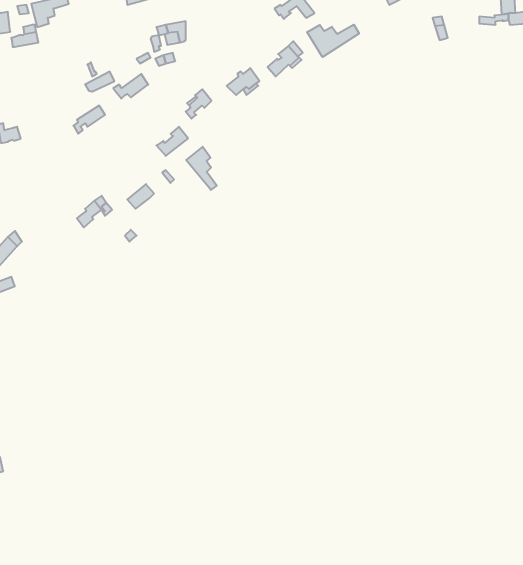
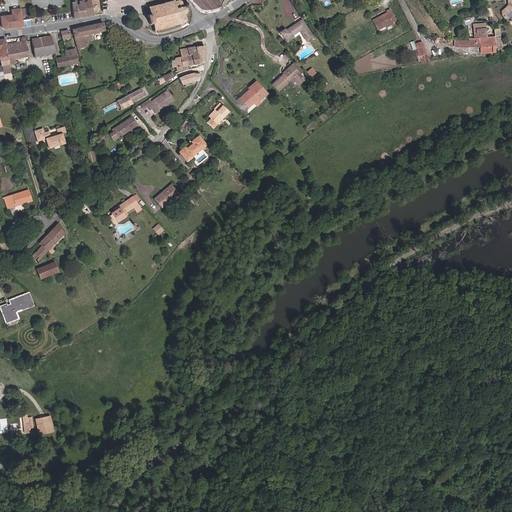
building: [307,25,359,57] -> none
building: [186,147,217,190] -> none

